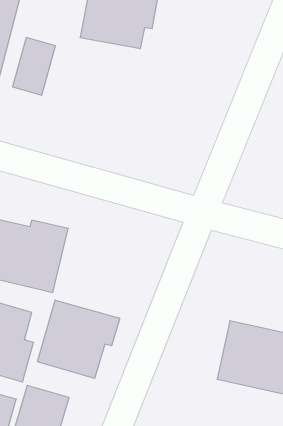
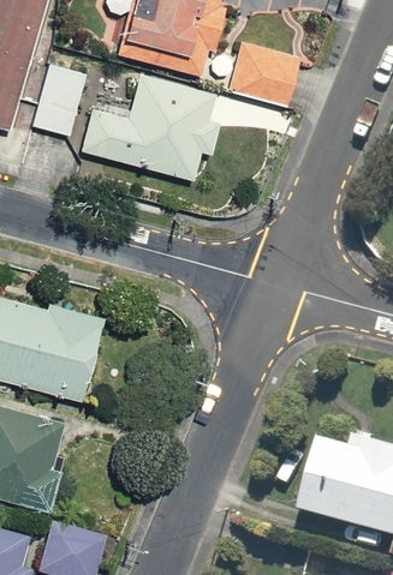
building: none -> [231,42,299,104]
building: none -> [79,77,220,182]
building: [38,300,120,378] -> none

